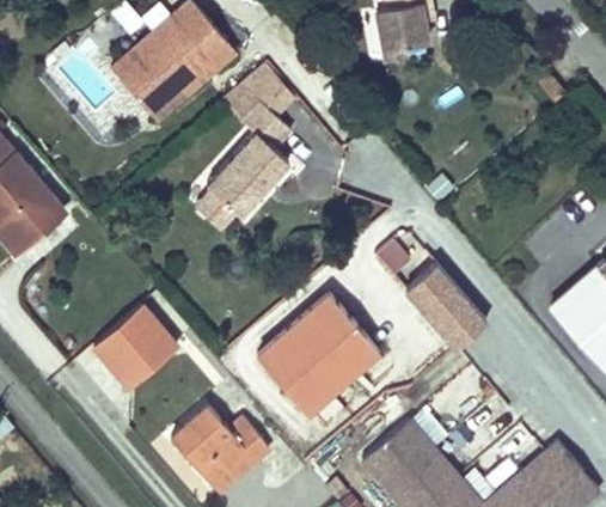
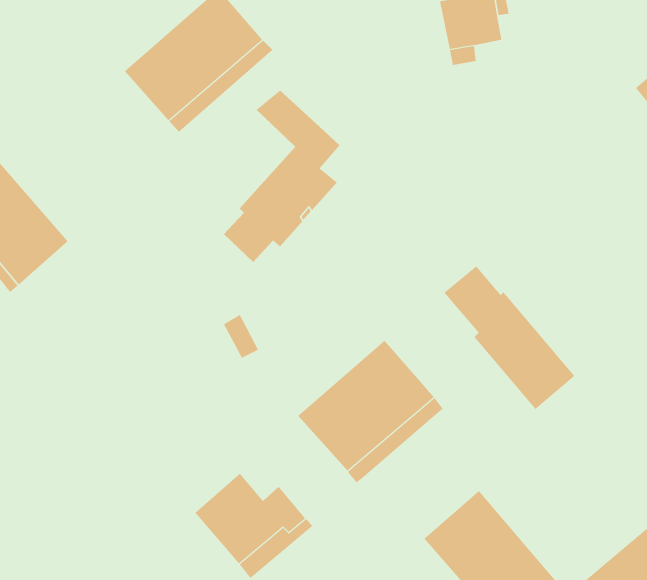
building: [241,63,293,116] -> none
building: [90,303,182,393] -> none

